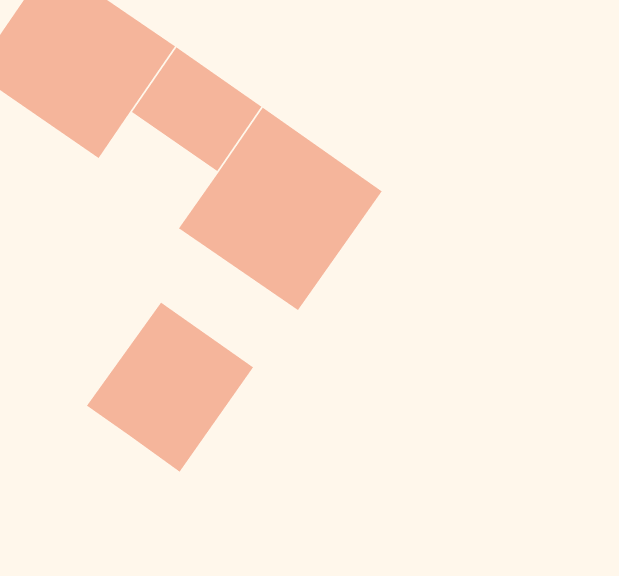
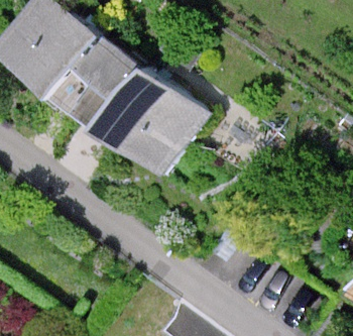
building: [86,302,254,473] -> none

